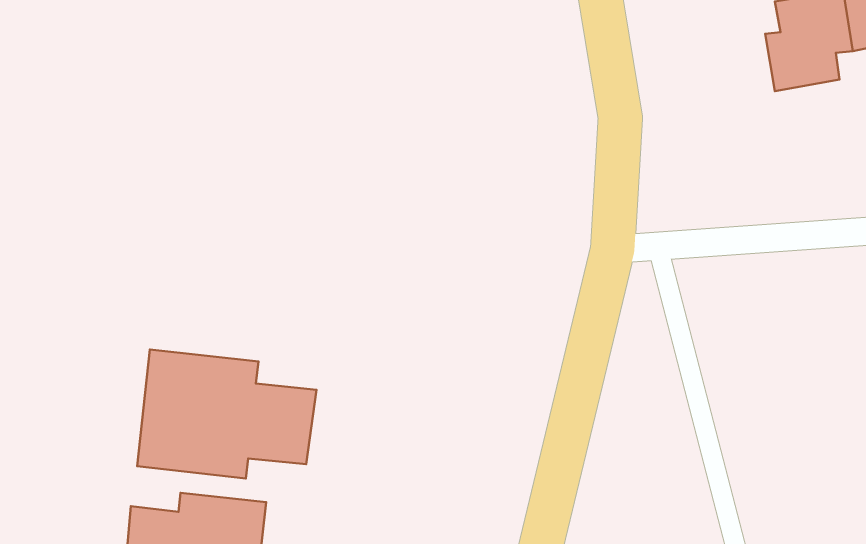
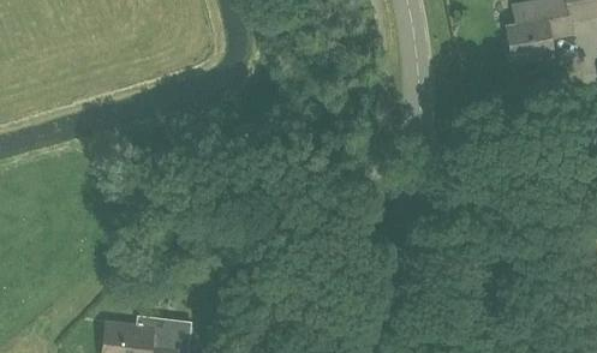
building: [137,349,316,478] -> none

